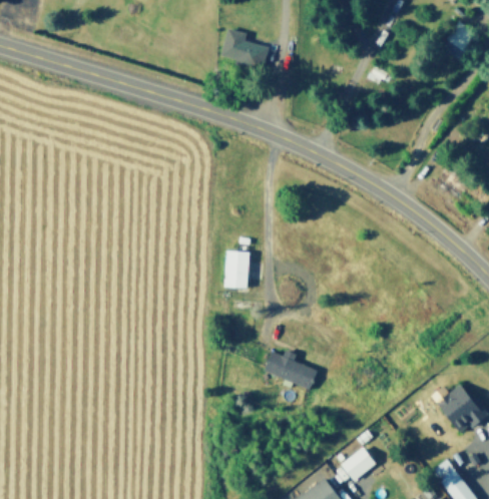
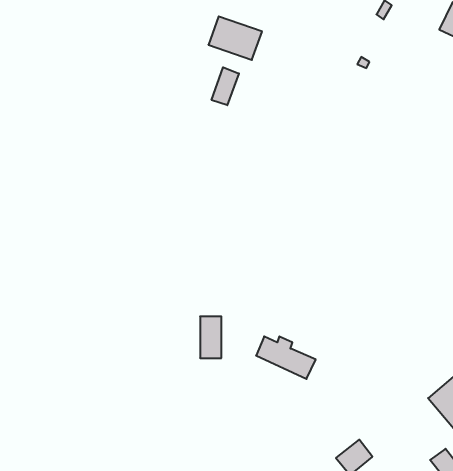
building: none -> [212,67,239,105]
building: [220,248,241,290] -> [200,316,221,358]

